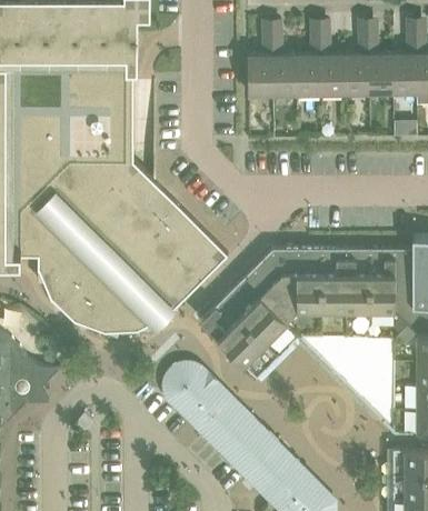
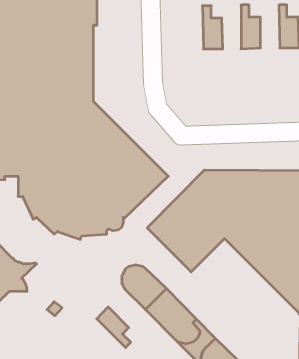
building: [296,40,320,96] -> none
building: [345,40,369,94] -> none
building: [247,41,272,96] -> none
building: none -> [97,307,131,348]

